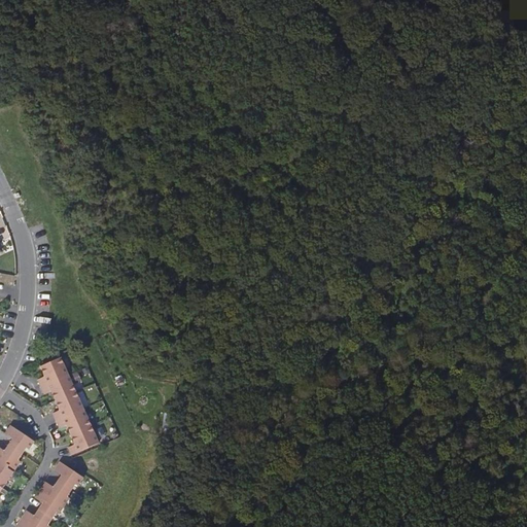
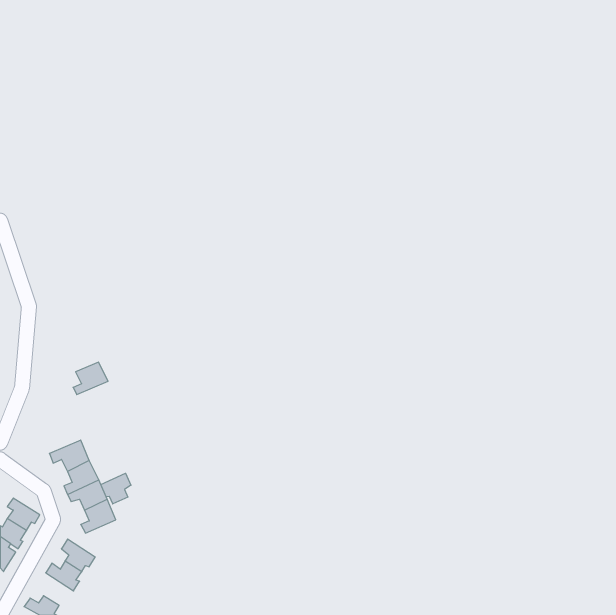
building: [39,359,69,387] -> [73,362,108,395]
building: none -> [101,473,131,504]
building: [34,489,63,517] -> none

